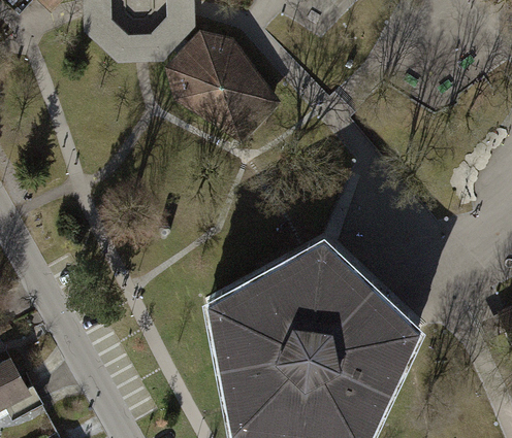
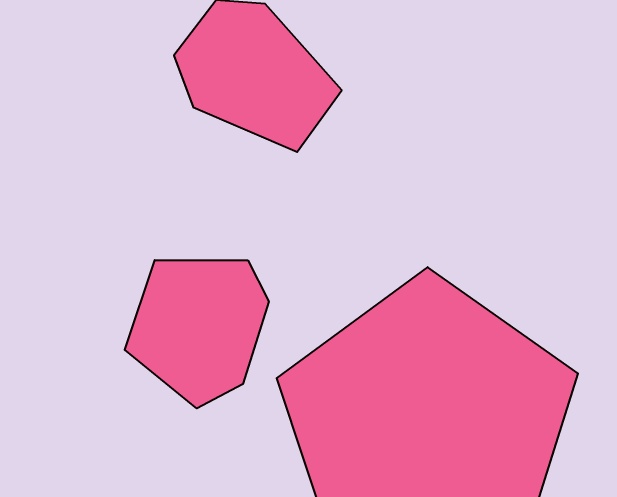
building: none -> [125,260,269,408]

